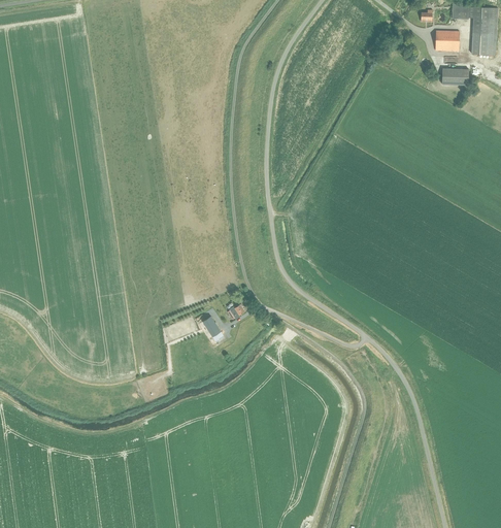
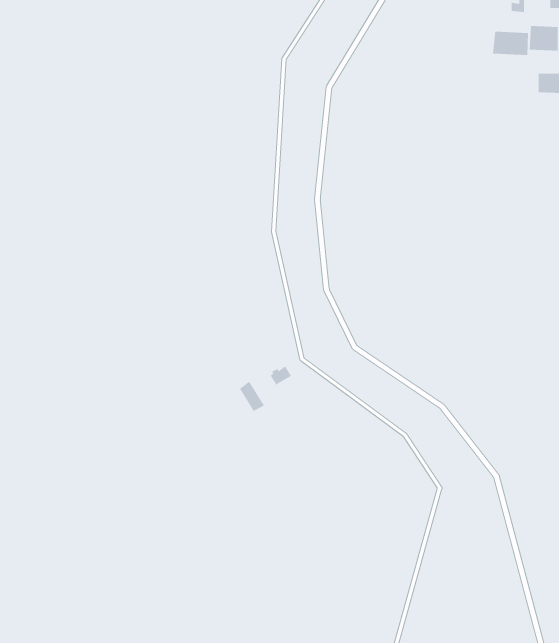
building: none -> [492,31,529,56]

